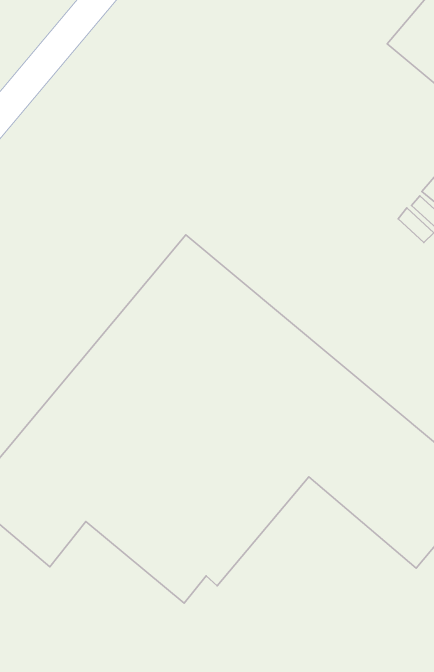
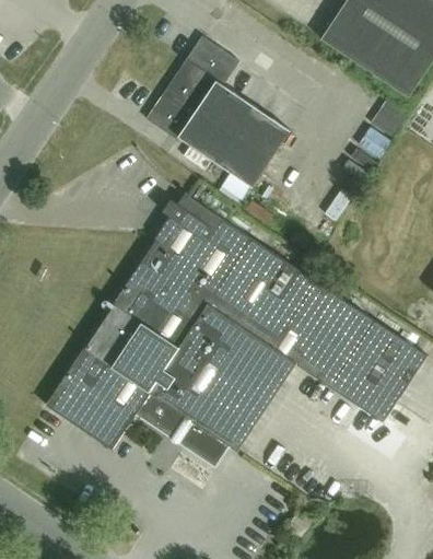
building: none -> [147,35,291,186]

